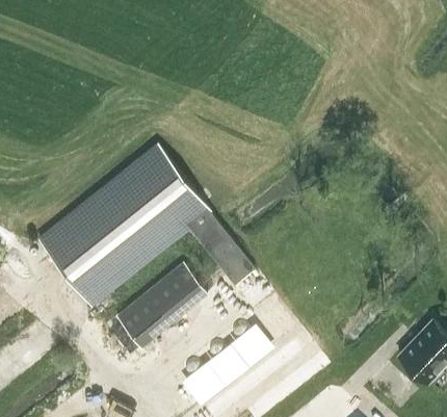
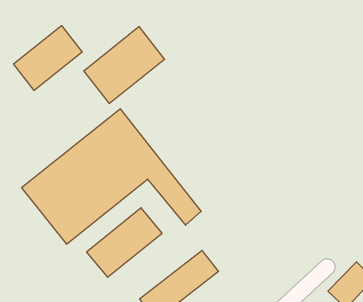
building: none -> [13,26,82,90]
building: none -> [84,27,165,103]

